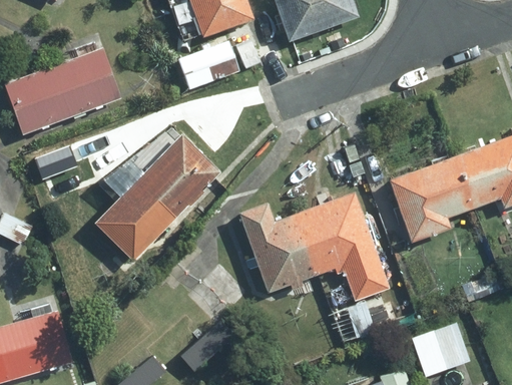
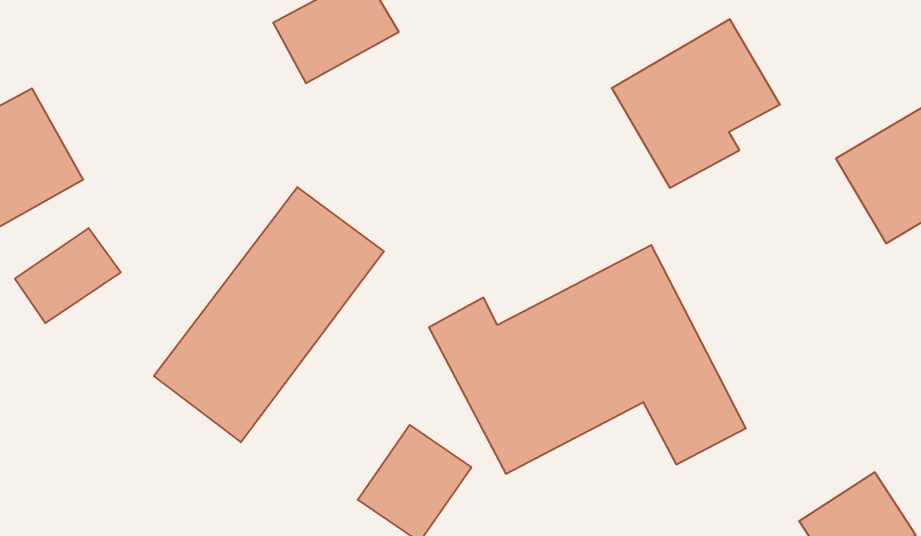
building: [53,46,122,115] -> none
building: [391,161,475,243] -> [612,19,780,188]

